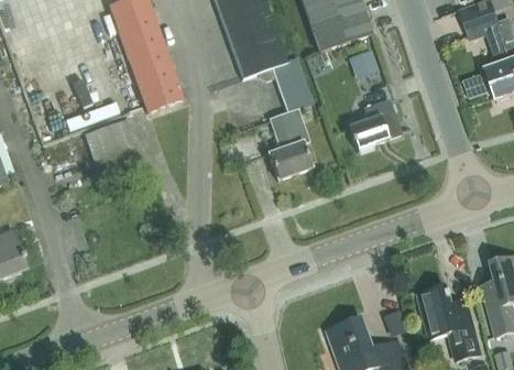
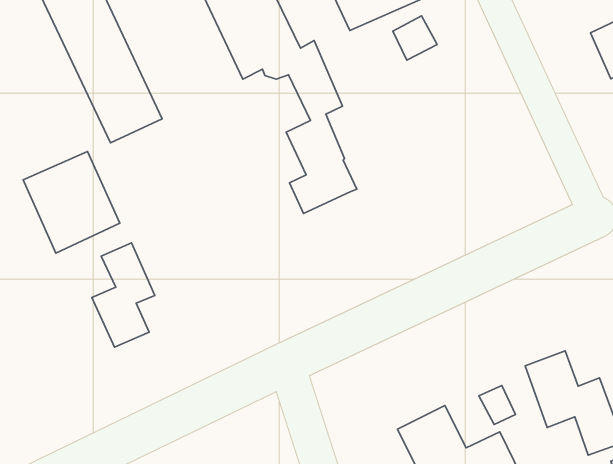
building: [347,98,400,150] -> none
building: none -> [92,243,155,347]

